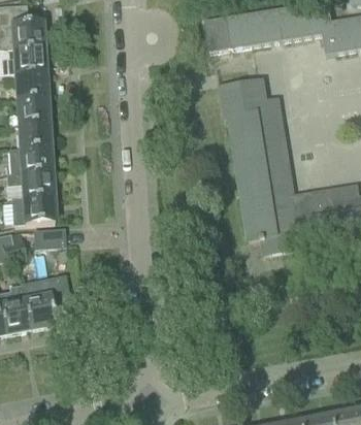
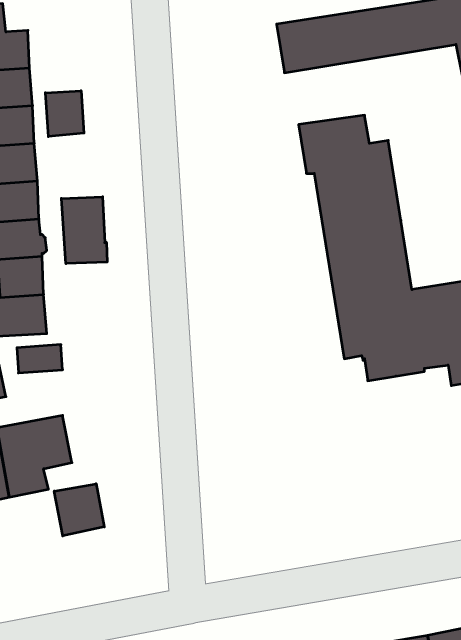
building: none -> [45,91,84,137]
building: none -> [61,197,107,264]
building: none -> [54,484,104,536]

